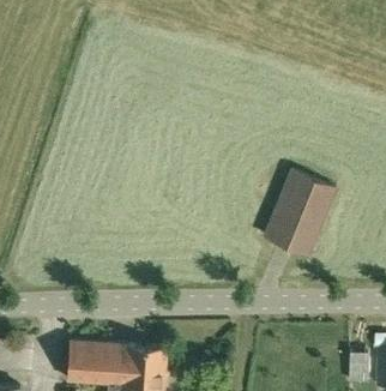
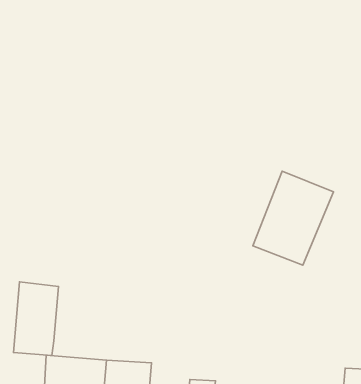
building: none -> [13,282,59,356]

